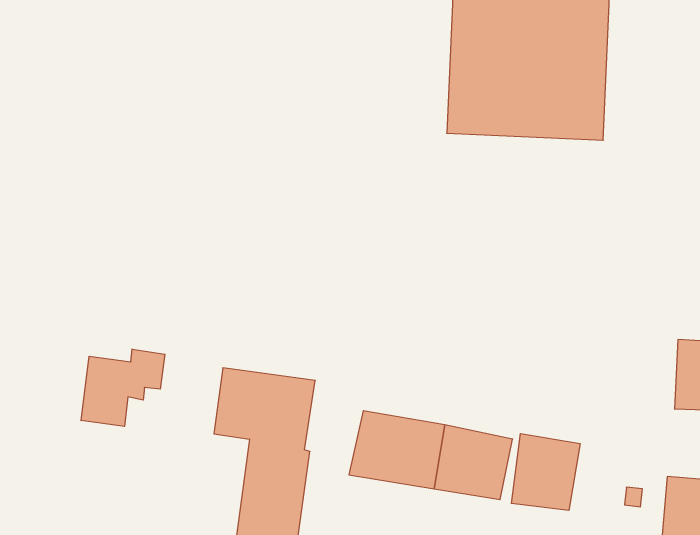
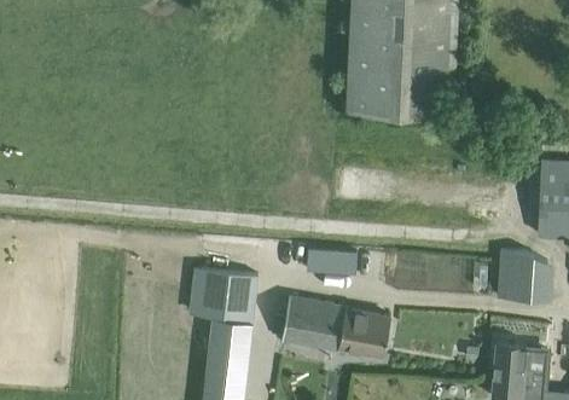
building: none -> [307,250,356,273]
building: [81,349,165,426] -> none
building: [511,434,580,510] -> none

